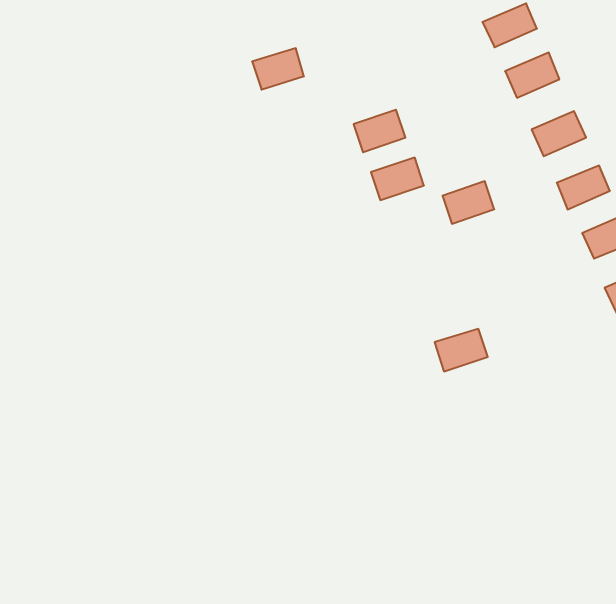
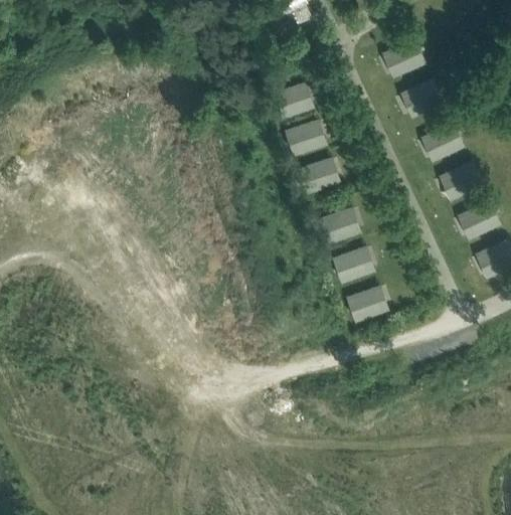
building: [252,48,304,90] -> [274,82,313,114]
building: [442,181,494,224] -> [320,208,359,240]
building: none -> [332,249,372,282]

